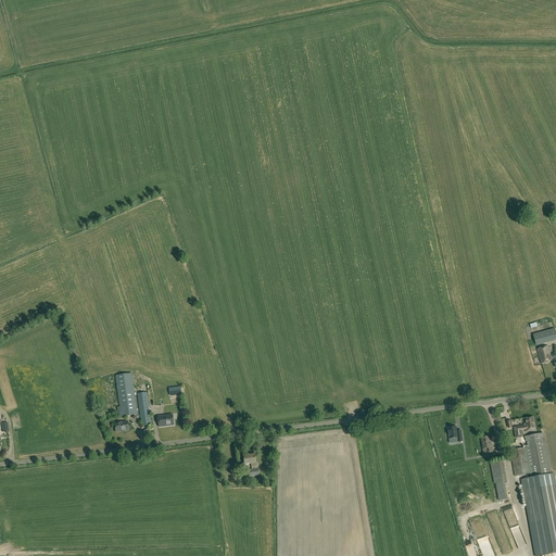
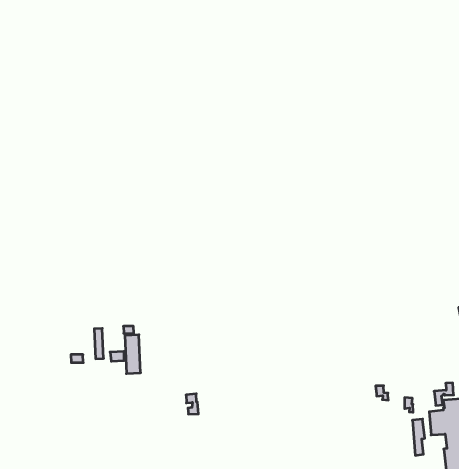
building: [115,374,136,417] -> [125,335,141,374]

